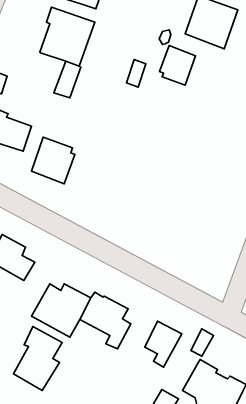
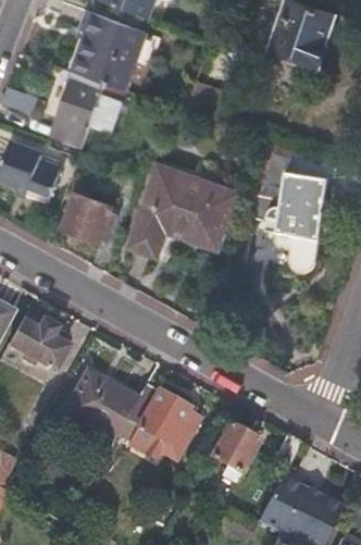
building: [160,46,195,85] -> none
building: none -> [53,73,108,146]
building: none -> [132,164,240,255]
building: none -> [271,171,324,296]
building: [14,327,62,390] -> none

